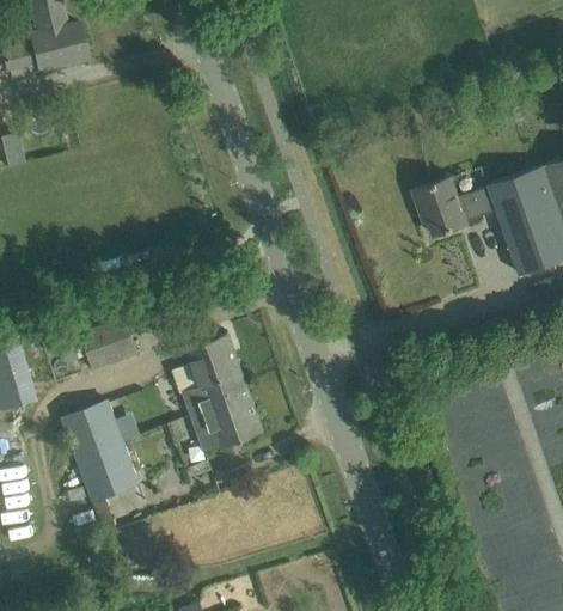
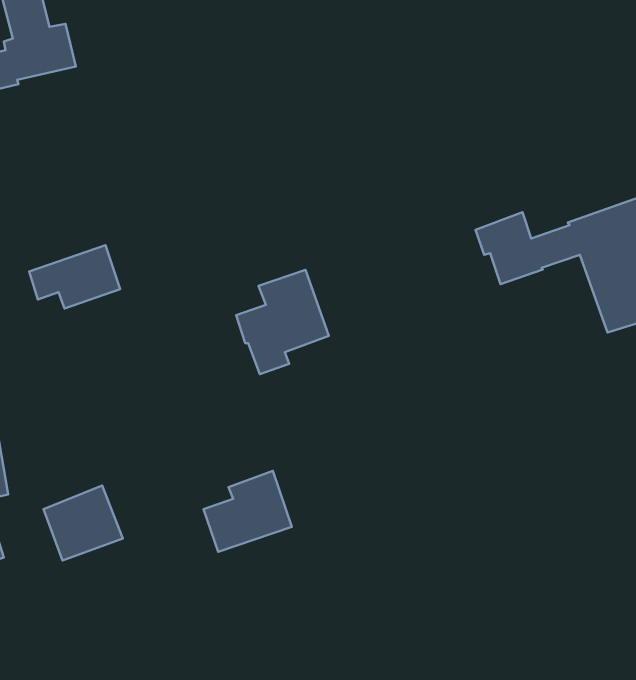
building: [63,318,137,369] -> [29,245,120,308]
building: [172,334,247,418] -> [236,270,329,374]
building: [77,442,141,531] -> none

